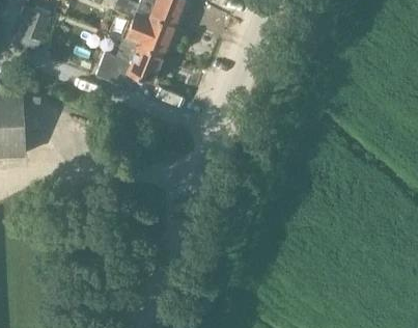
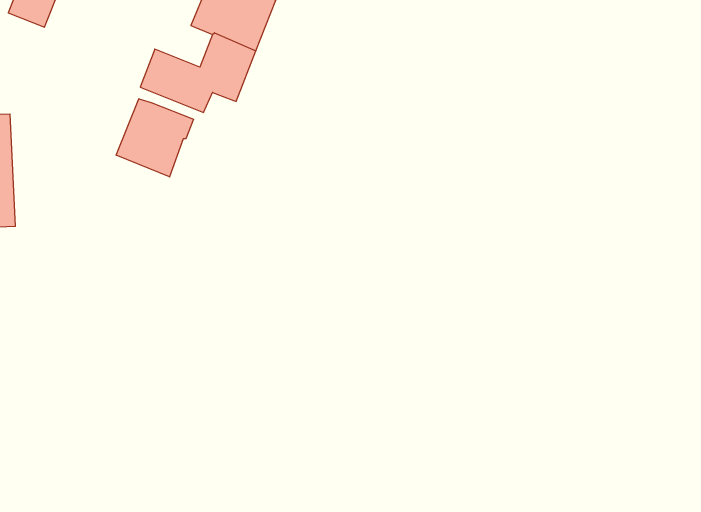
building: none -> [116,99,193,177]

